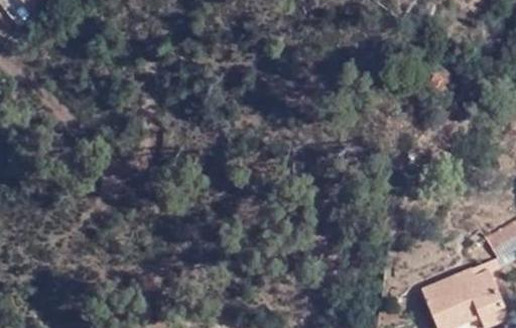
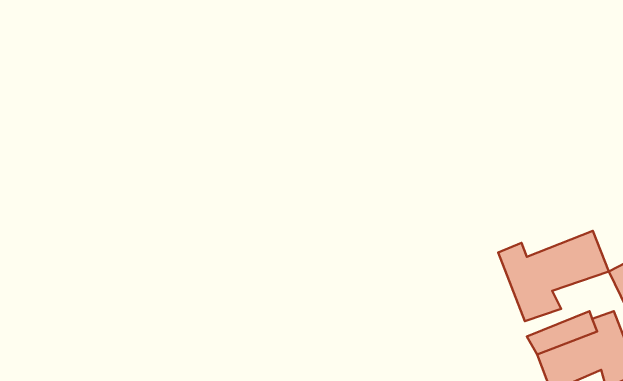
building: none -> [498,231,609,321]

